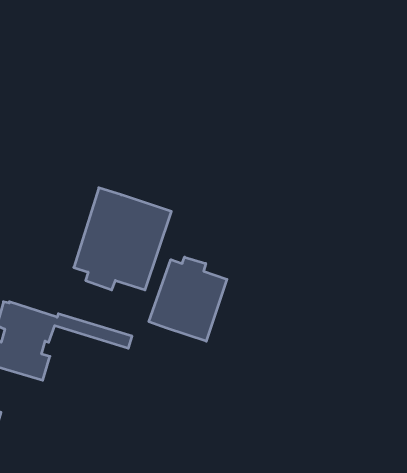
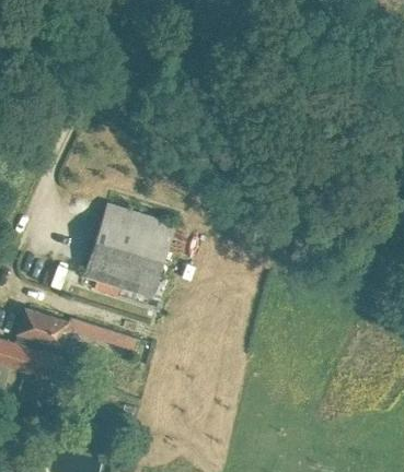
building: [149,257,227,341] -> none

